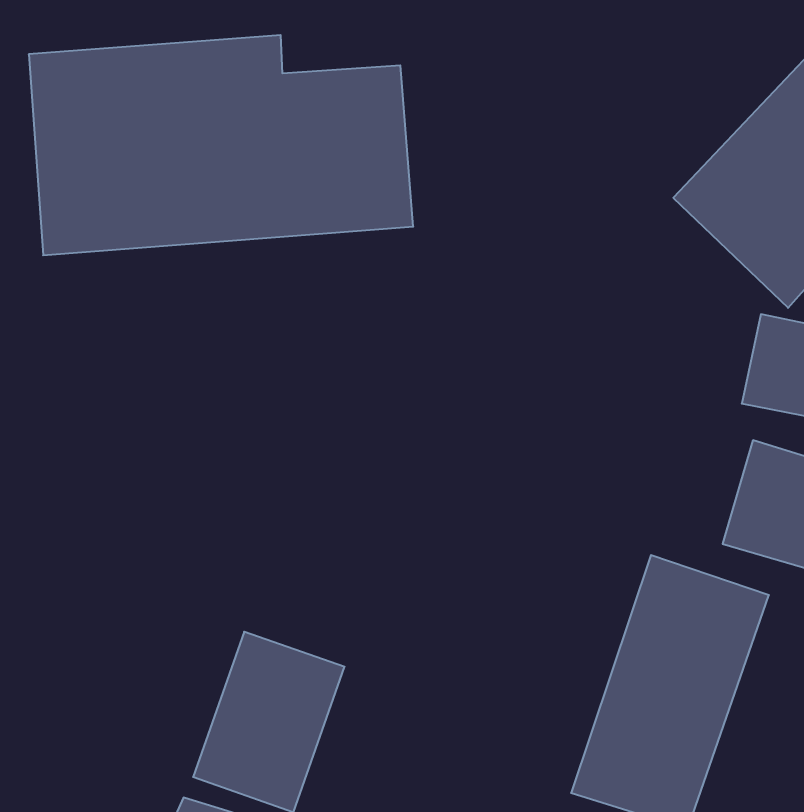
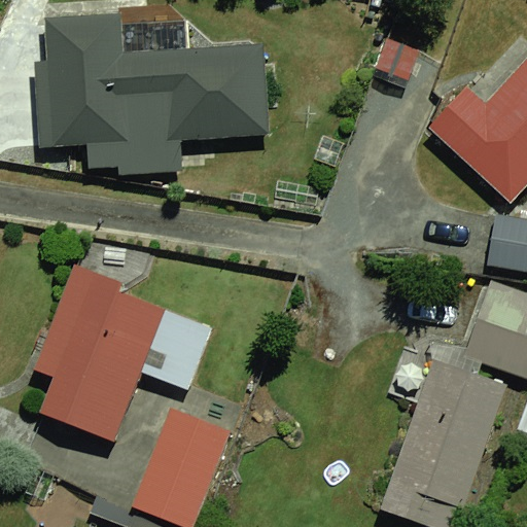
building: none -> [21,273,166,438]

